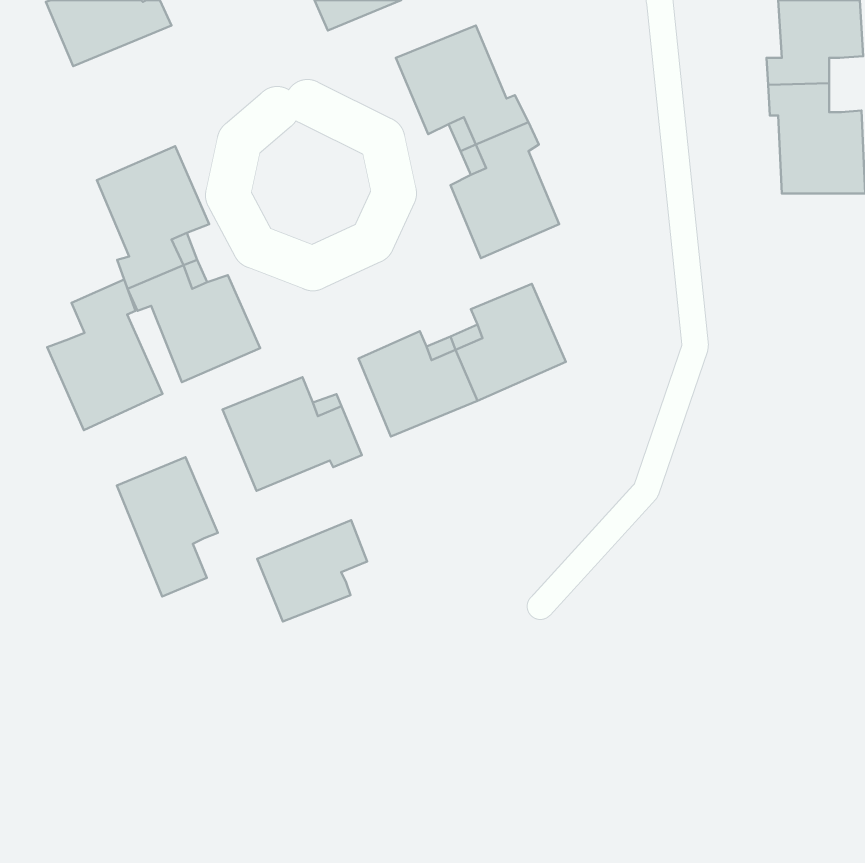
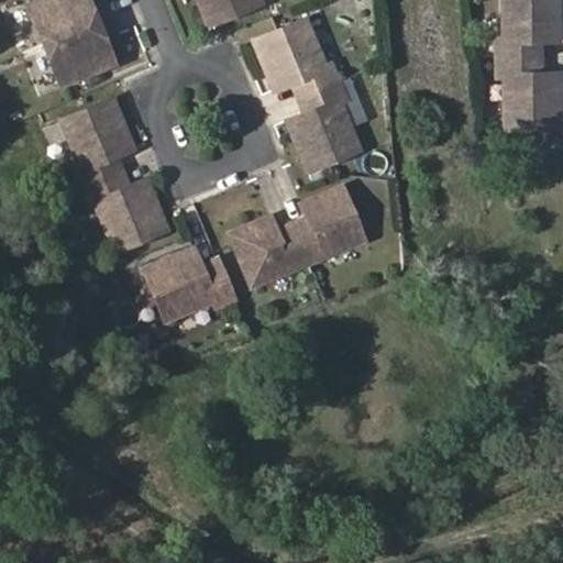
building: none -> [47,20,119,86]
building: [47,280,163,430] -> none
building: [117,457,218,596] -> none
building: [257,520,367,622] -> none

